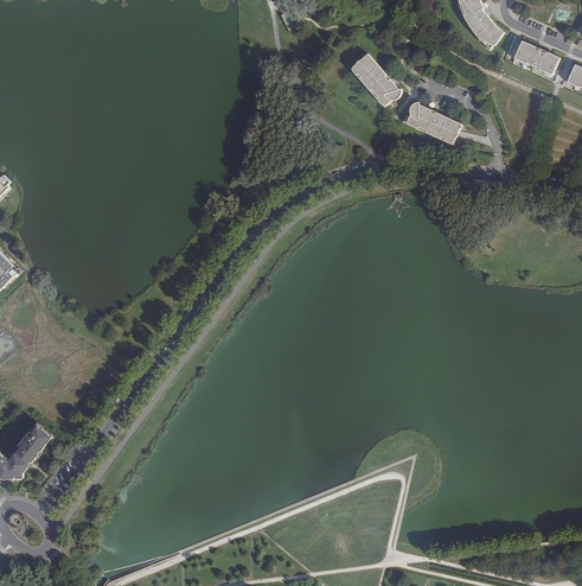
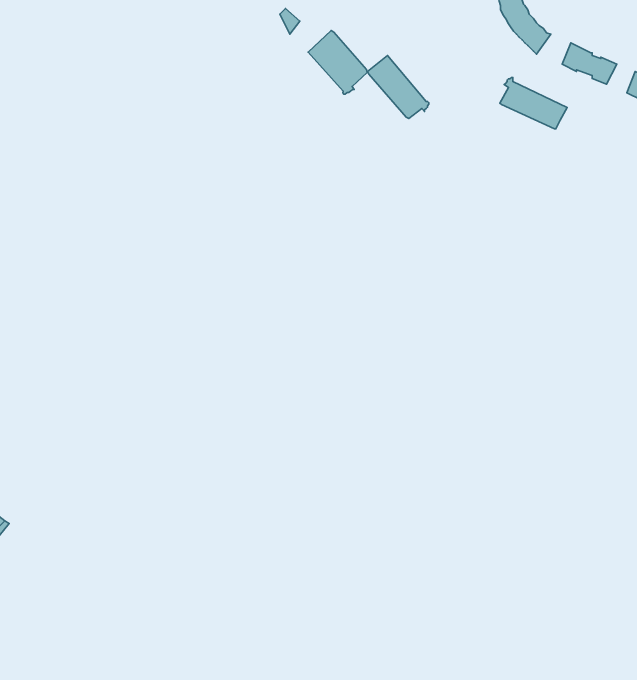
building: none -> [308,31,367,94]
building: [404,101,460,144] -> [500,77,567,129]

